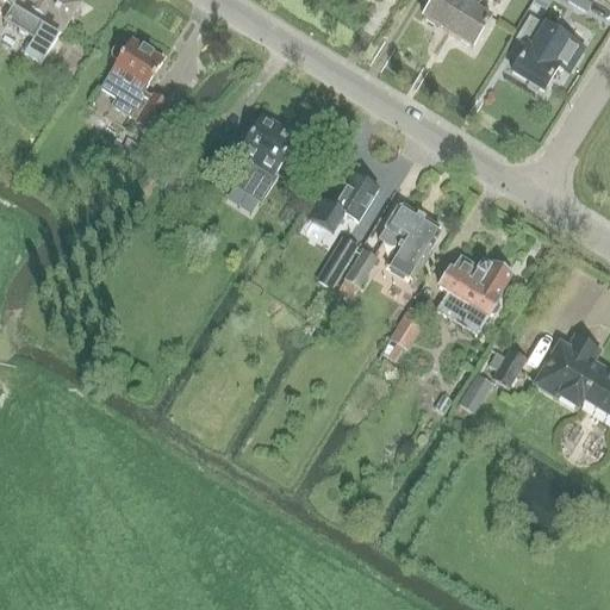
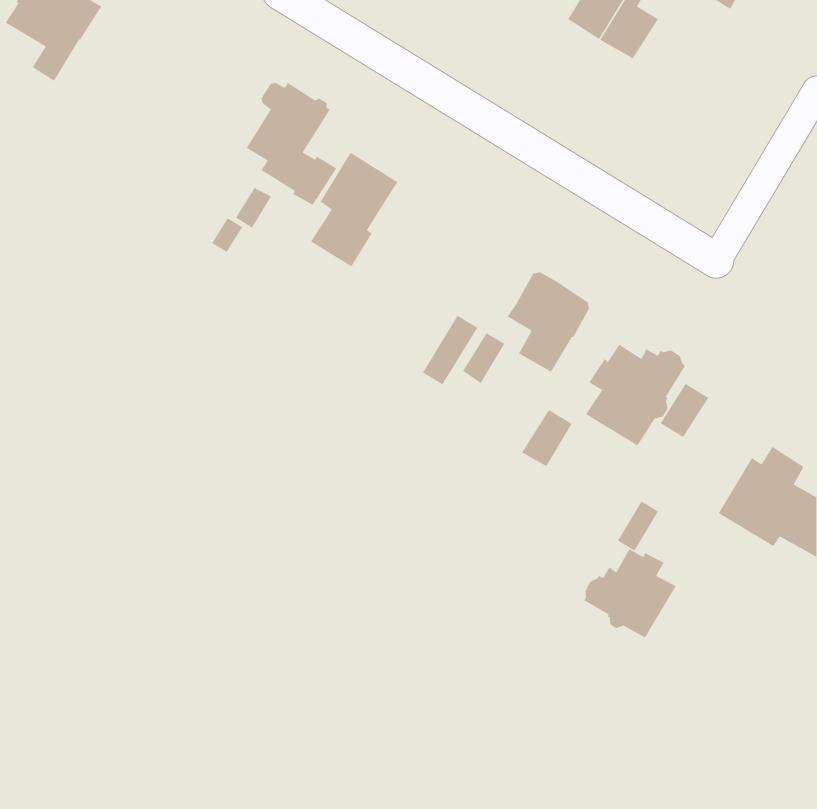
building: [511,13,578,88] -> none
building: [100,37,168,129] -> [246,82,337,205]
building: [306,169,378,230] -> none
building: [490,346,527,386] -> [660,383,709,438]
building: none -> [584,549,676,638]

